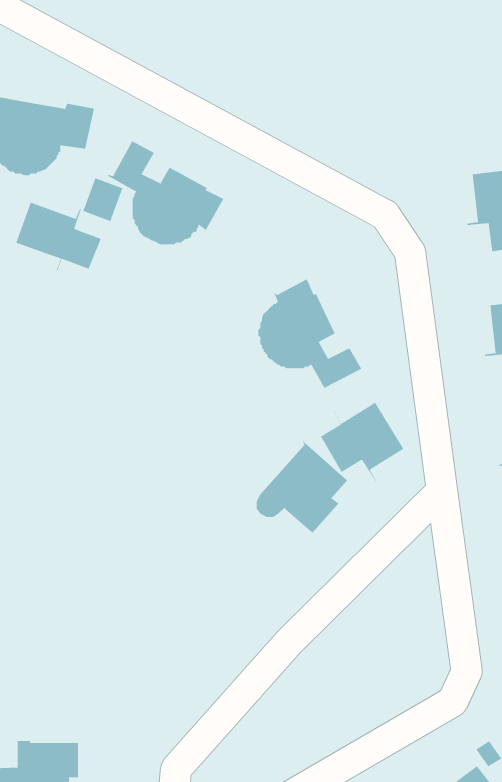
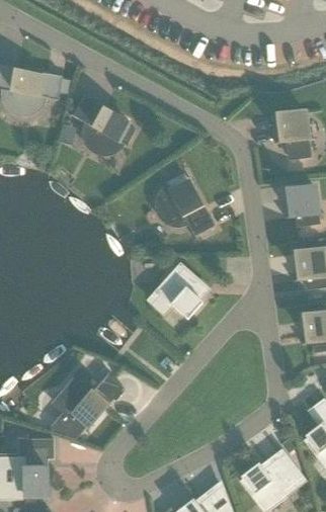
building: [15,202,101,271] -> none
building: [320,402,404,483] -> none
building: none -> [51,370,125,436]

